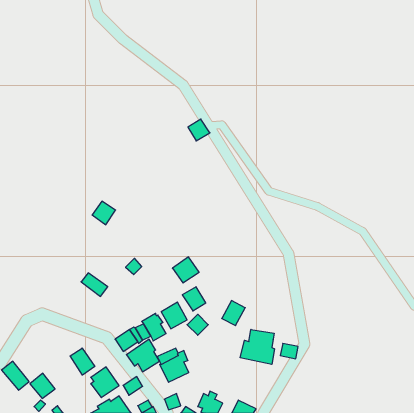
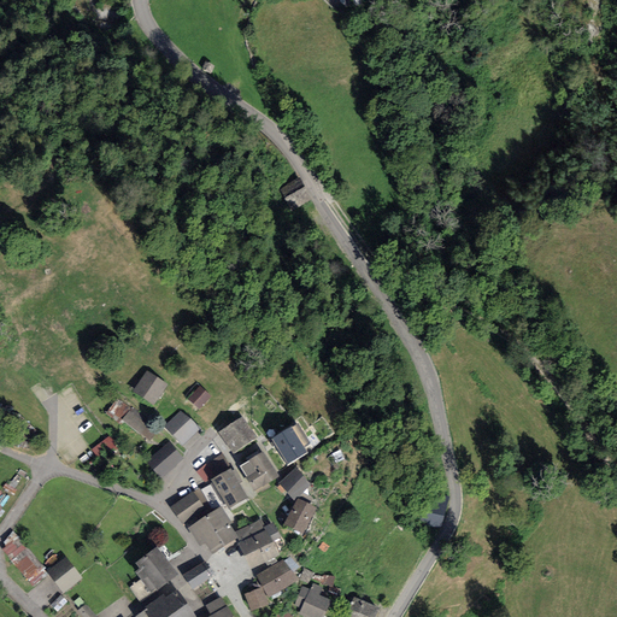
building: [92,201,116,225] -> [133,370,168,405]
building: [172,257,199,283] -> [218,415,258,453]
building: none -> [164,410,201,446]
building: none -> [147,442,184,477]
building: [222,301,245,326] -> [283,496,318,534]
building: [240,329,274,364] -> none
building: [70,348,95,375] -> none
building: none -> [257,559,298,595]

